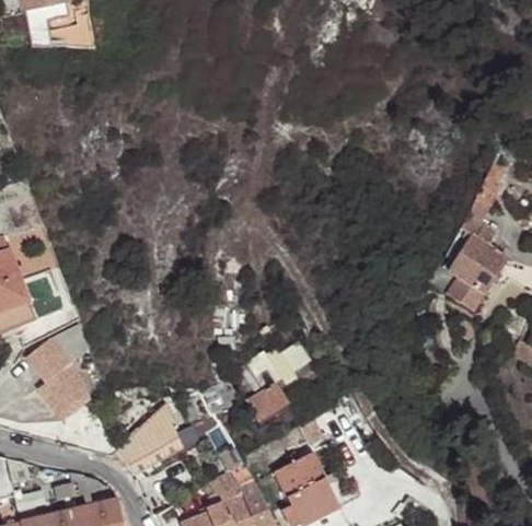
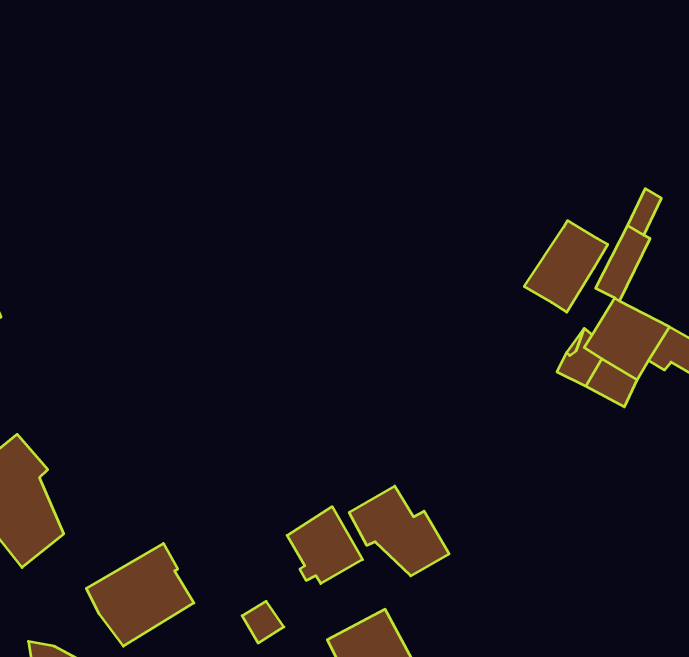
building: none -> [524,221,608,312]
building: none -> [349,486,449,576]

